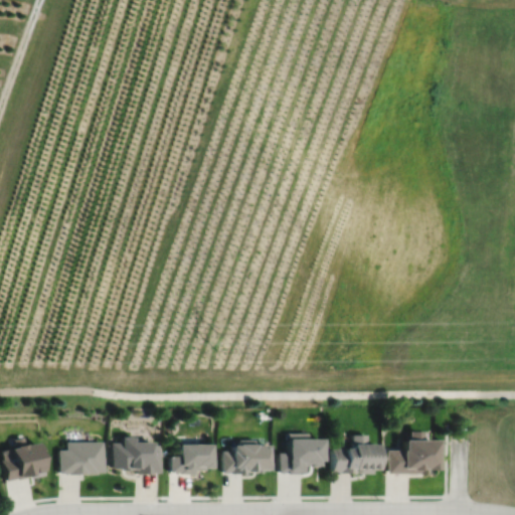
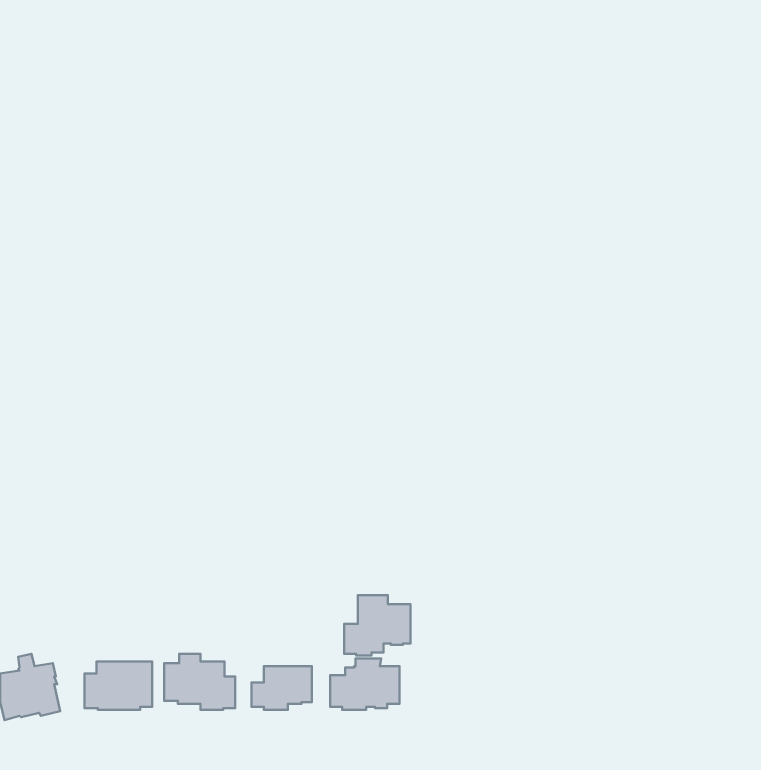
building: [387,432,436,474] -> none
building: [282,434,326,474] -> [344,595,411,655]
building: [336,435,379,473] -> none

